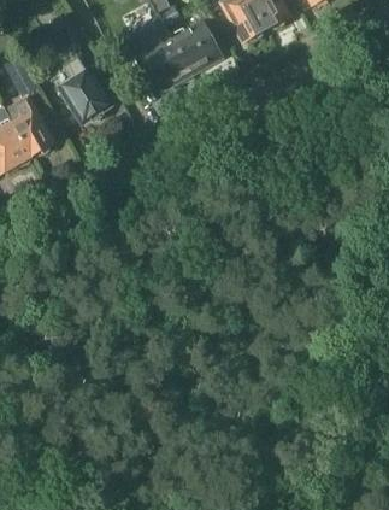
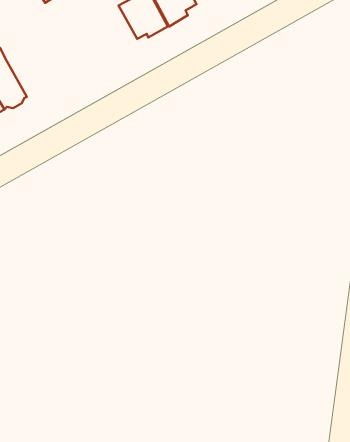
building: [58,57,106,121] -> none

